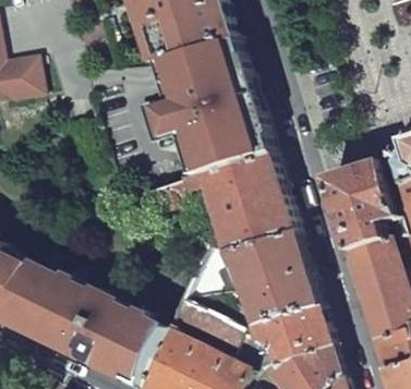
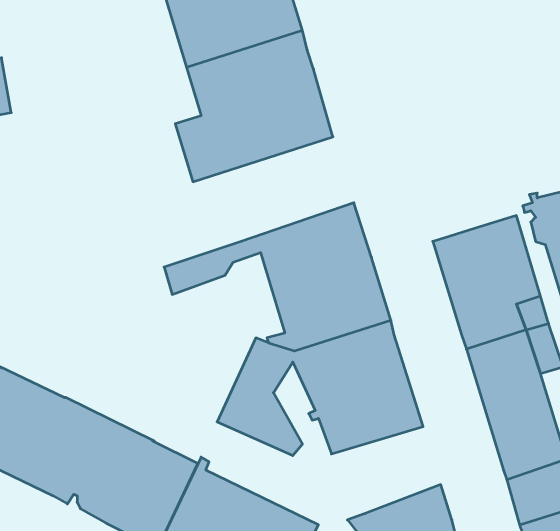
building: [159,109,268,180] -> none
building: [168,302,237,349] -> none
building: [253,305,327,364] -> none

